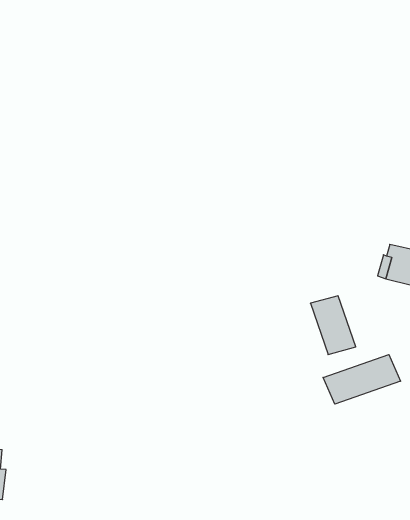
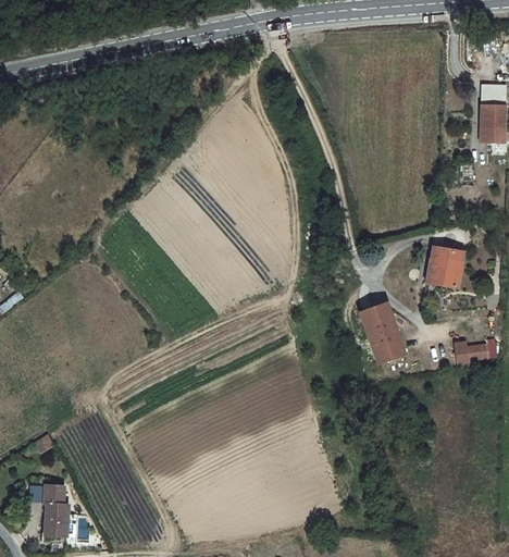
building: [323,355,401,404] -> none

